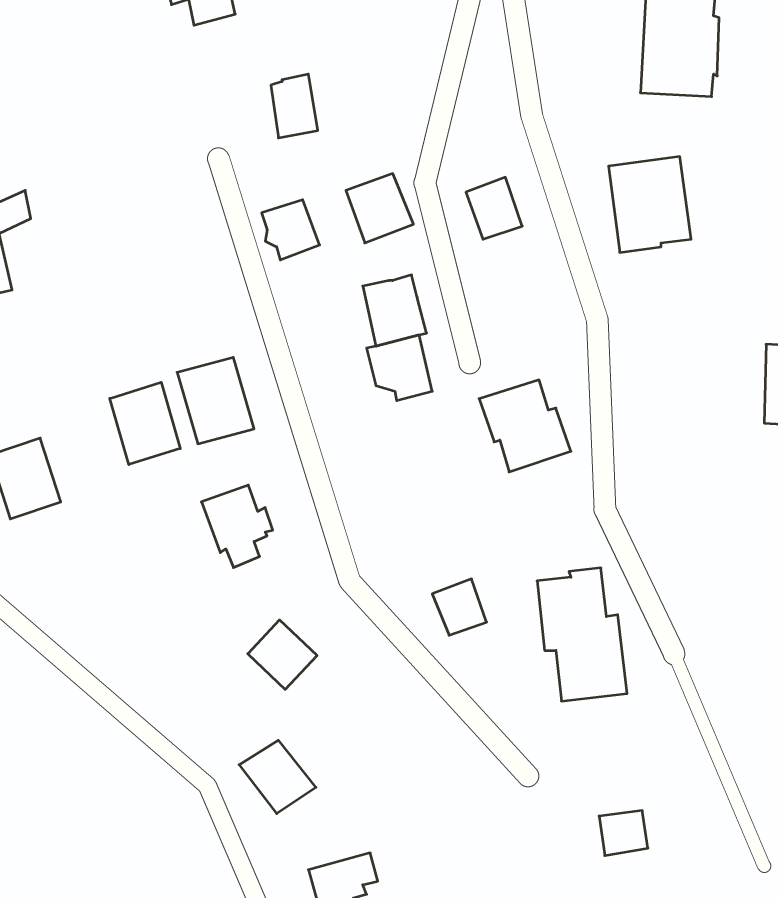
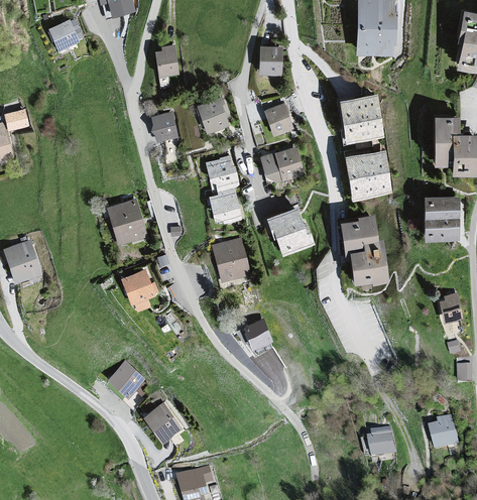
building: none -> [46,19,82,50]
building: none -> [259,46,283,77]
building: none -> [266,147,306,184]
building: none -> [344,148,390,196]
building: [110,382,180,465] -> none
building: none -> [213,239,252,284]
building: [537,568,627,701] -> [339,210,387,281]
building: [248,620,317,689] -> [106,361,143,398]
building: [599,811,648,856] -> [368,429,394,454]

